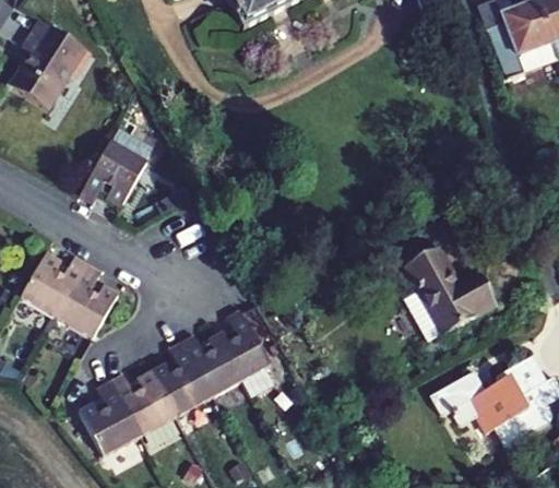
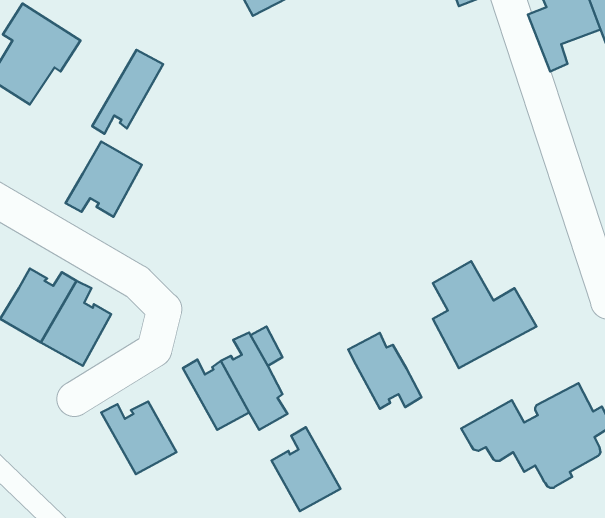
building: none -> [92,50,163,134]
building: none -> [348,333,422,409]
building: [152,341,213,415] -> [271,427,340,511]
building: [80,380,141,455] -> none

